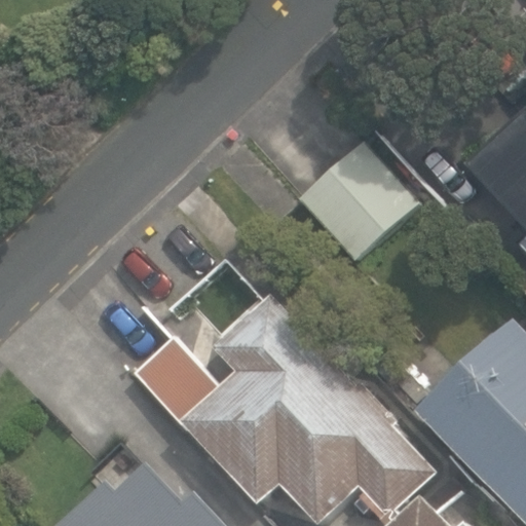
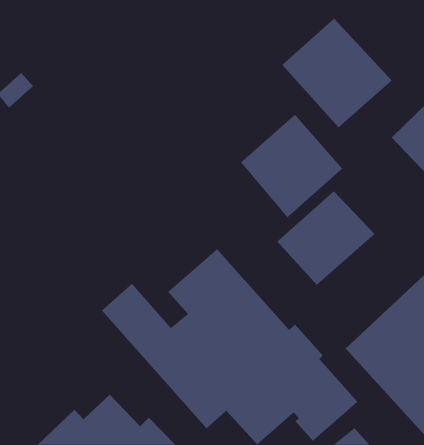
building: none -> [281,18,392,128]
building: none -> [276,190,375,286]

